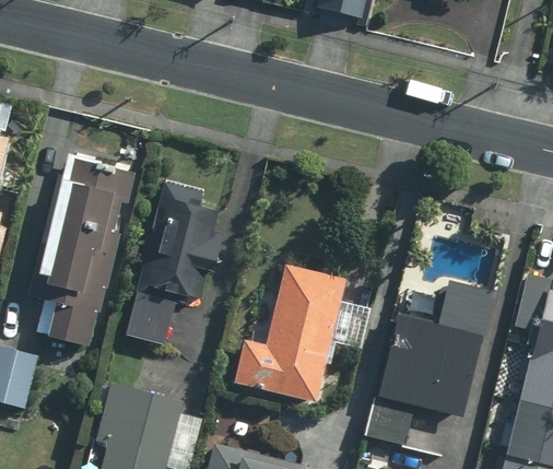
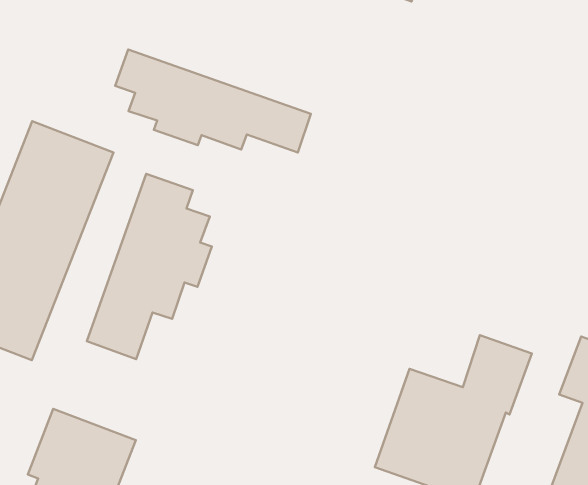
building: none -> [115,49,311,153]
building: [235,263,348,402] -> none

